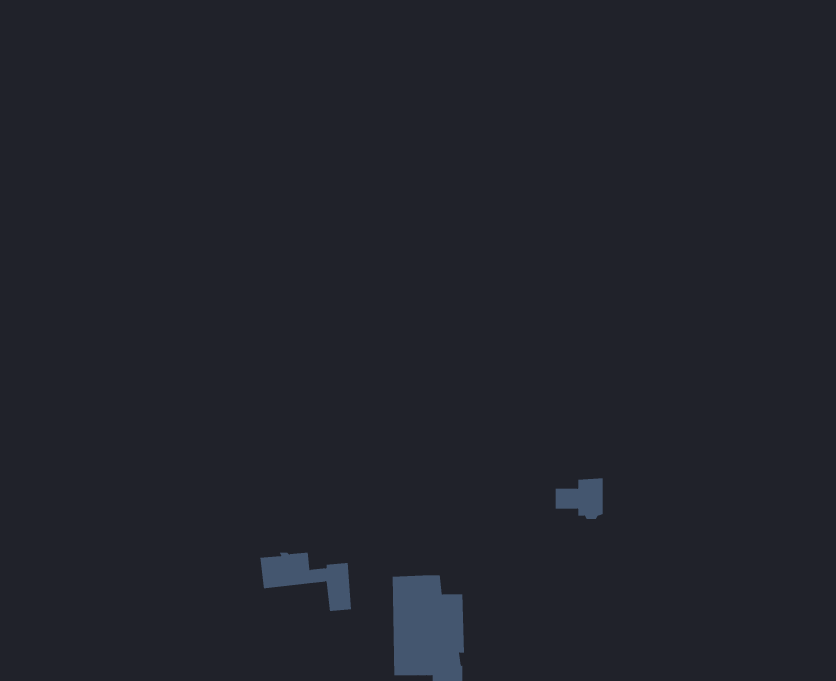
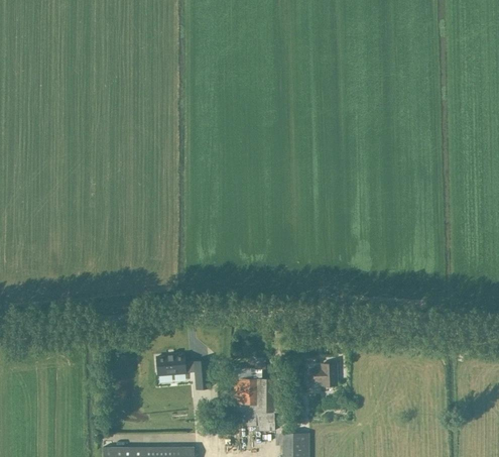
building: [555,478,604,520] -> [307,363,336,387]

